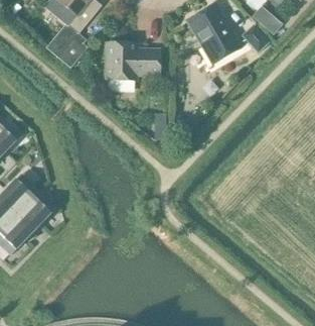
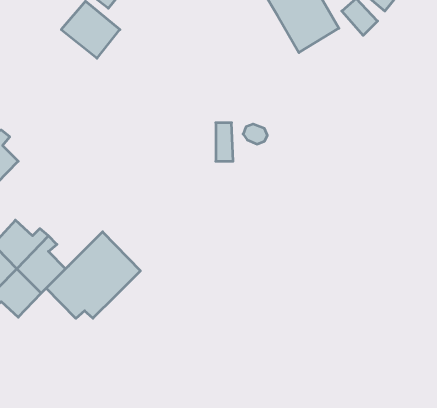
building: [106,42,159,80] -> none
building: none -> [46,232,140,318]

